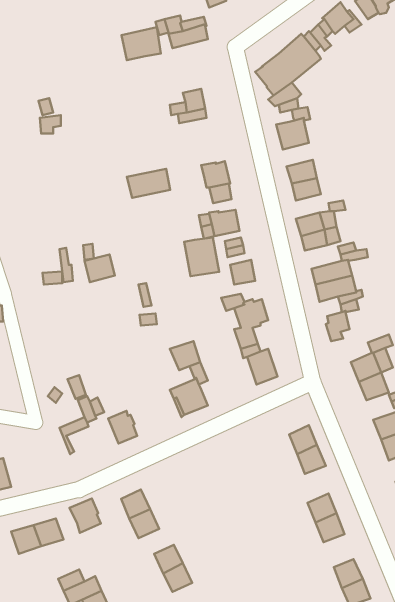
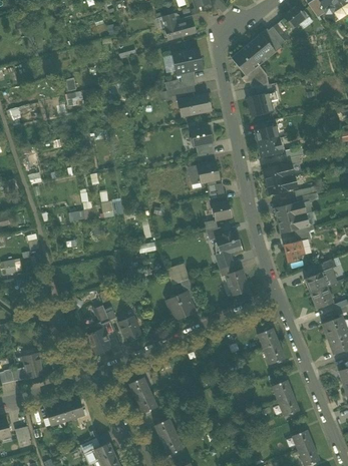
building: [122,27,161,60] -> [171,49,202,74]
building: [127,169,170,198] -> [178,95,211,117]
building: [184,237,219,276] -> none
building: [69,499,101,533] -> [86,329,110,355]

